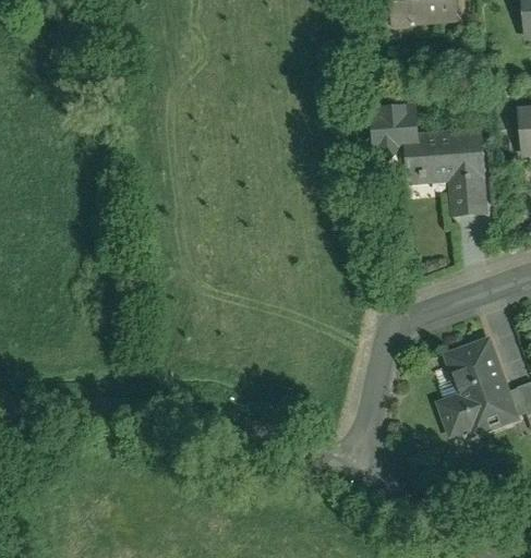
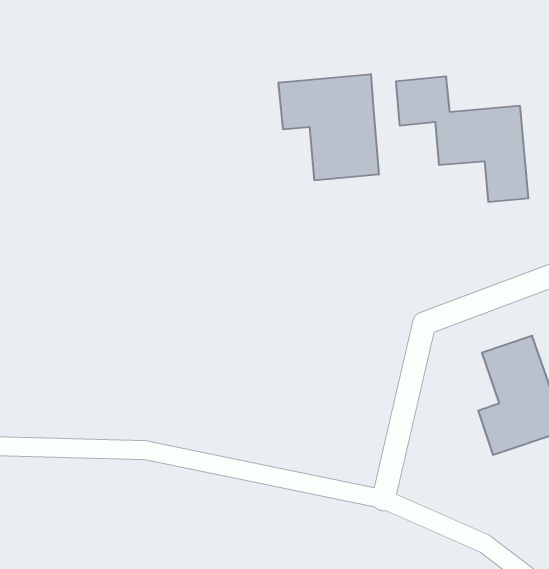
building: none -> [278,74,379,180]

